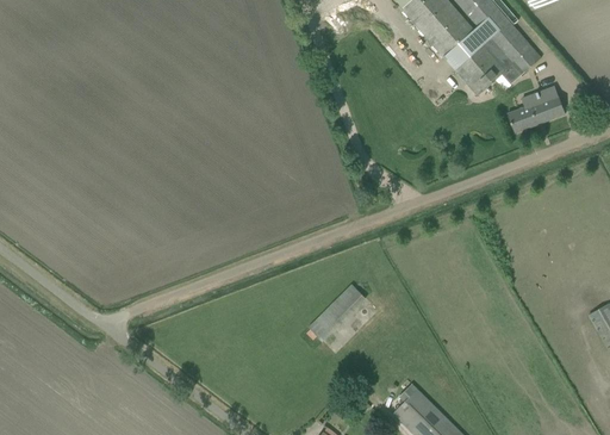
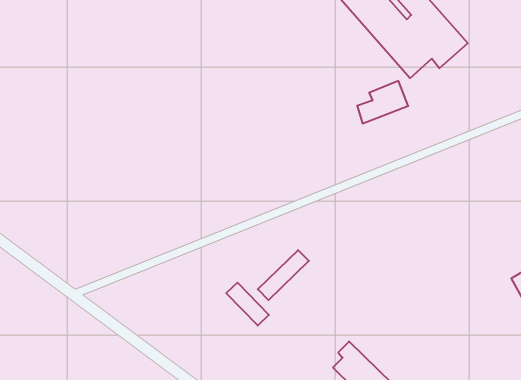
building: [509,86,565,132] -> [357,81,408,123]
building: none -> [226,283,269,326]

